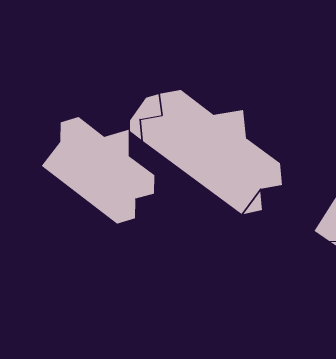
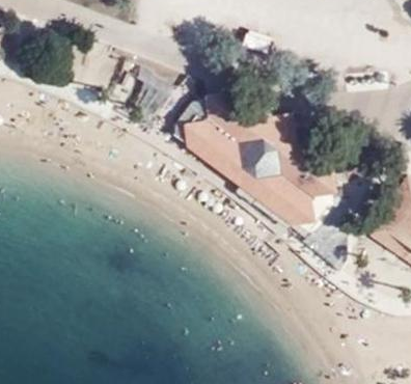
building: [41,116,155,224] -> none

